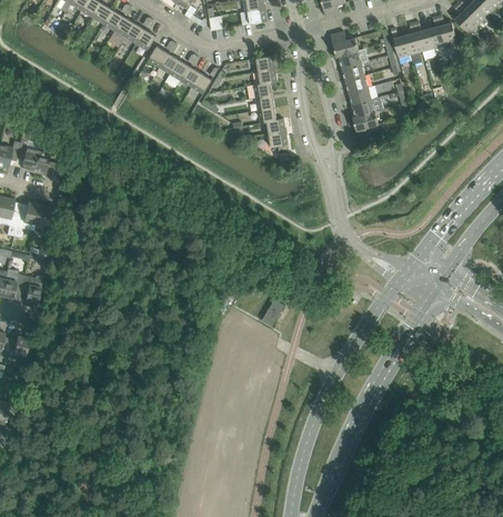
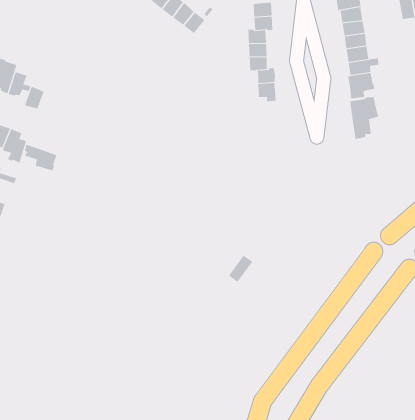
building: none -> [350,96,378,140]
building: none -> [24,144,57,171]

